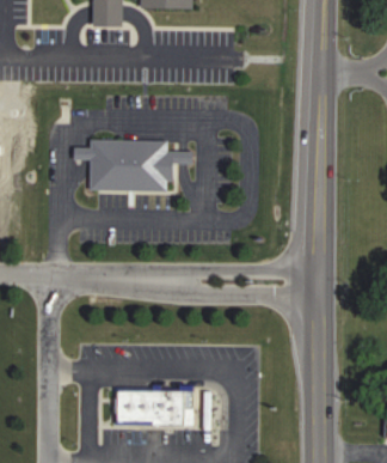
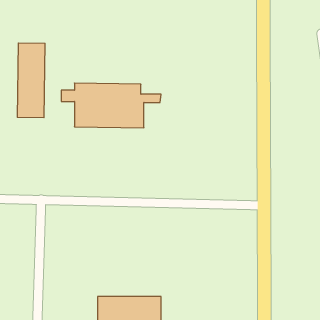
building: none -> [17,43,45,118]

